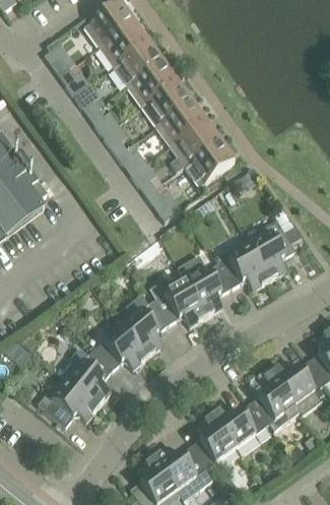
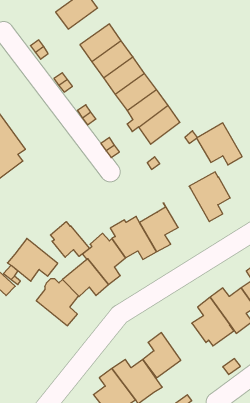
building: [100,22,149,67] -> none
building: [215,240,270,291] -> [197,123,242,165]
building: none -> [50,222,89,257]
building: [38,376,98,428] -> [7,238,58,281]
building: [212,403,266,448] -> none

